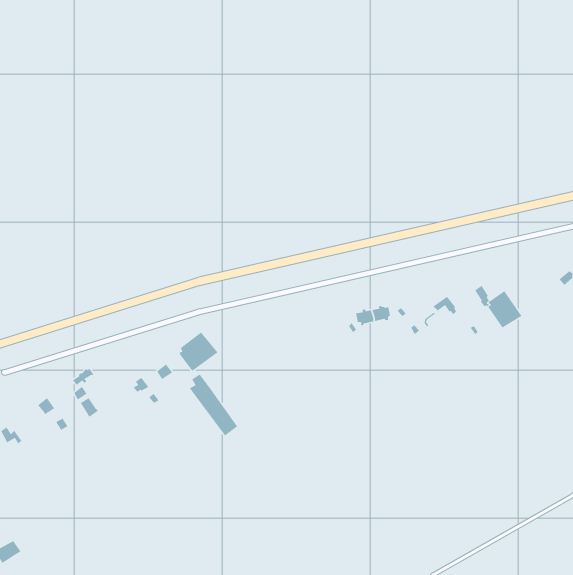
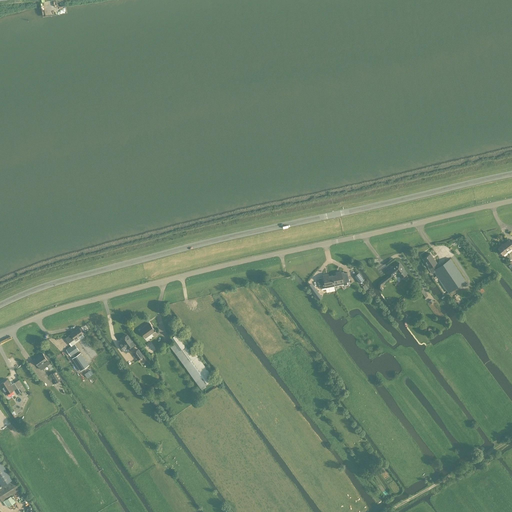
building: [178,332,218,372] -> none

